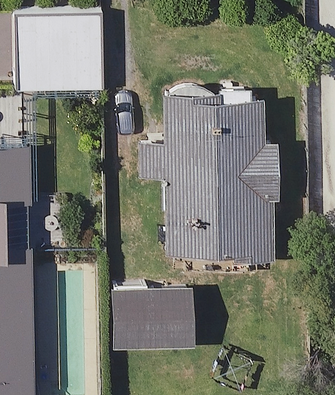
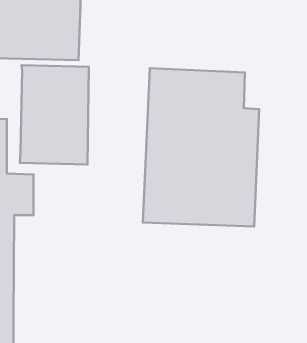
building: none -> [20,65,89,165]
building: [114,293,197,348] -> none

